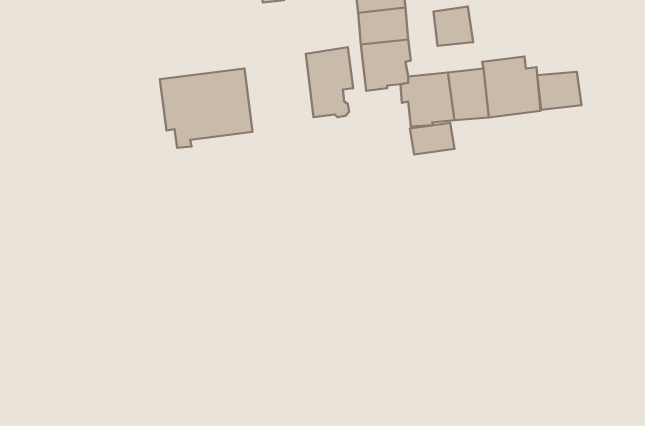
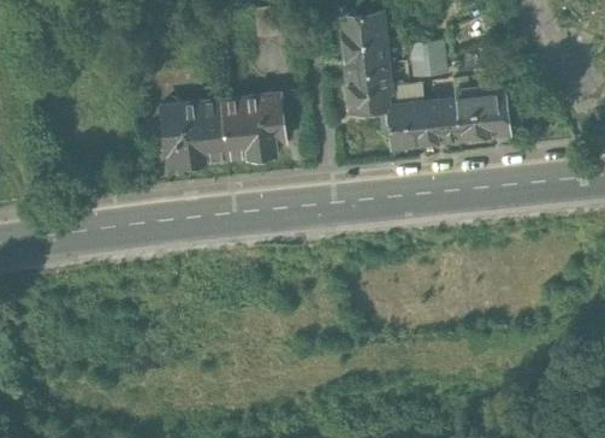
building: [306,47,353,117] -> [239,91,283,155]
building: [537,72,582,110] -> none
building: [410,123,454,154] -> none

